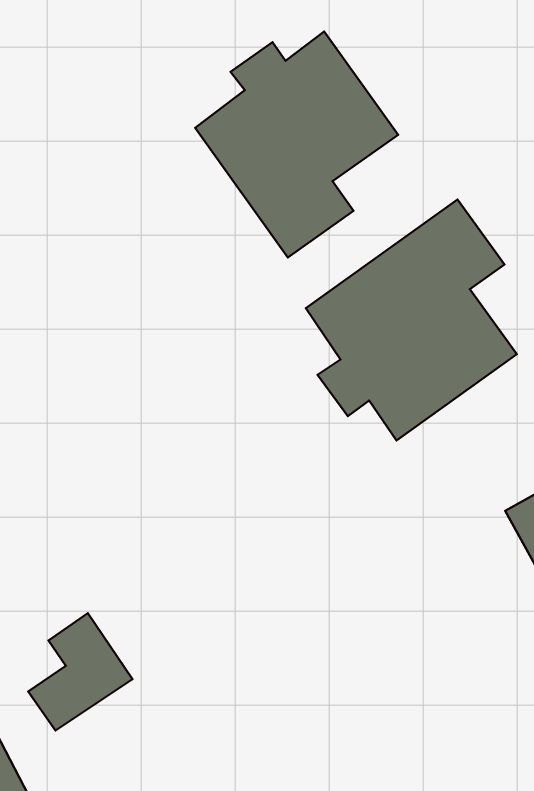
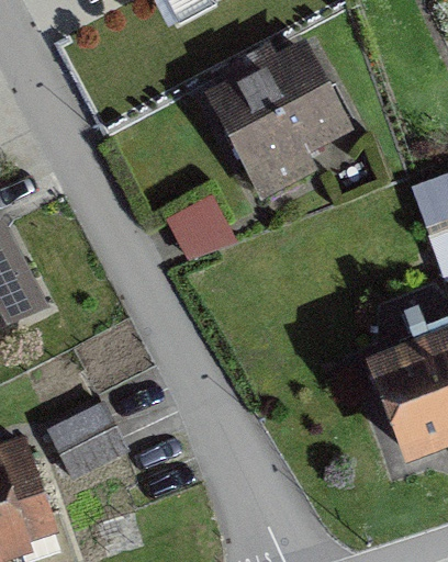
building: [306,199,517,441] -> none

